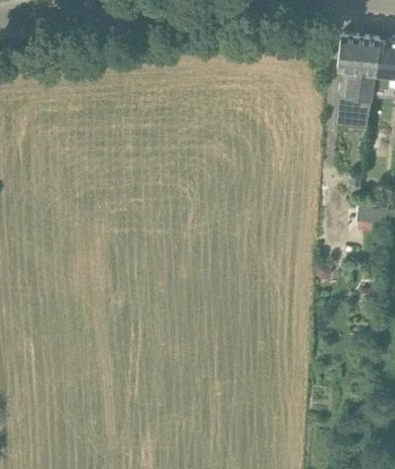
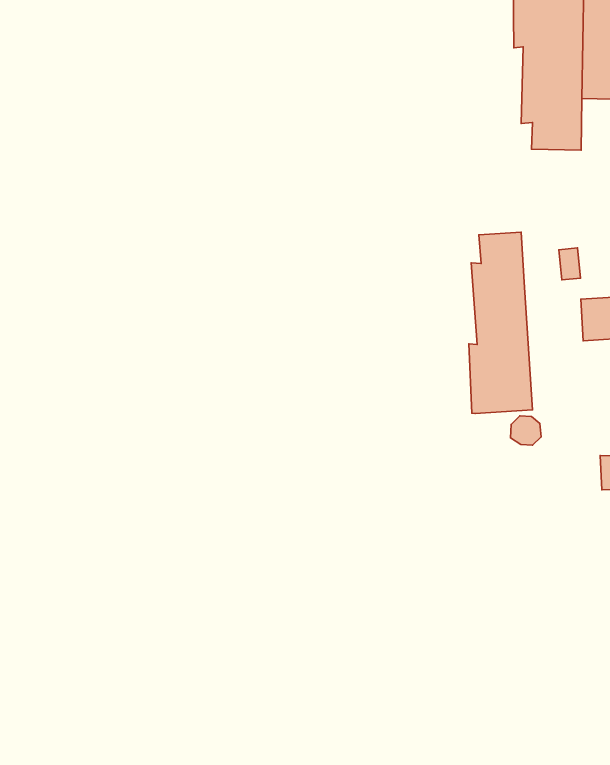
building: none -> [469,232,532,414]

